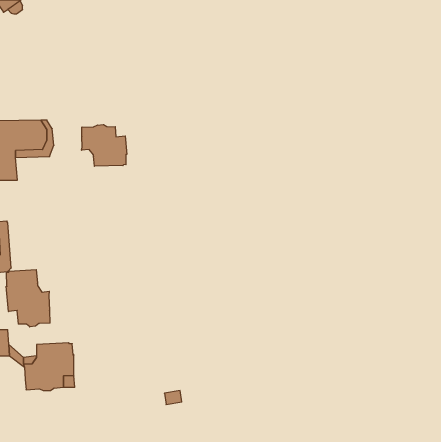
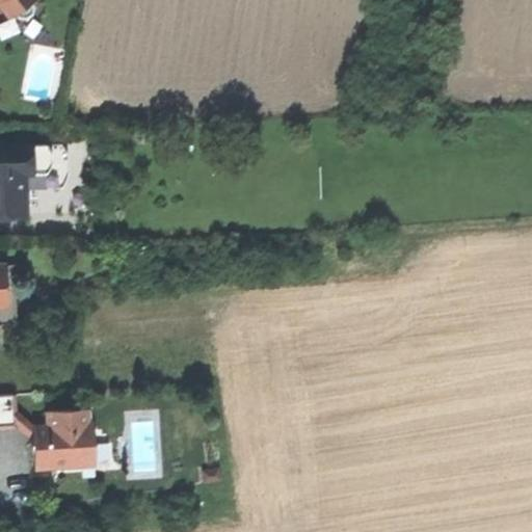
building: [82,125,127,166] -> none
building: [6,270,50,327] -> none

